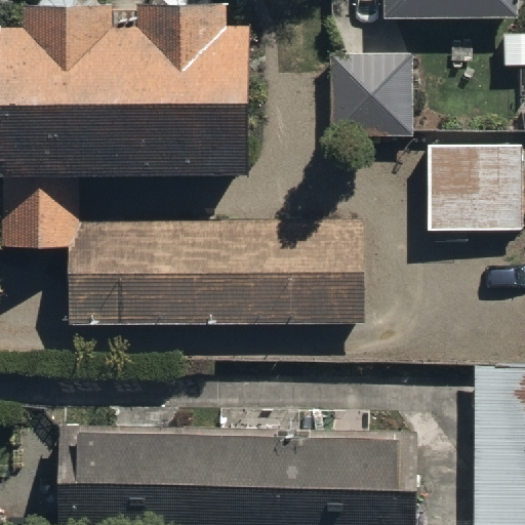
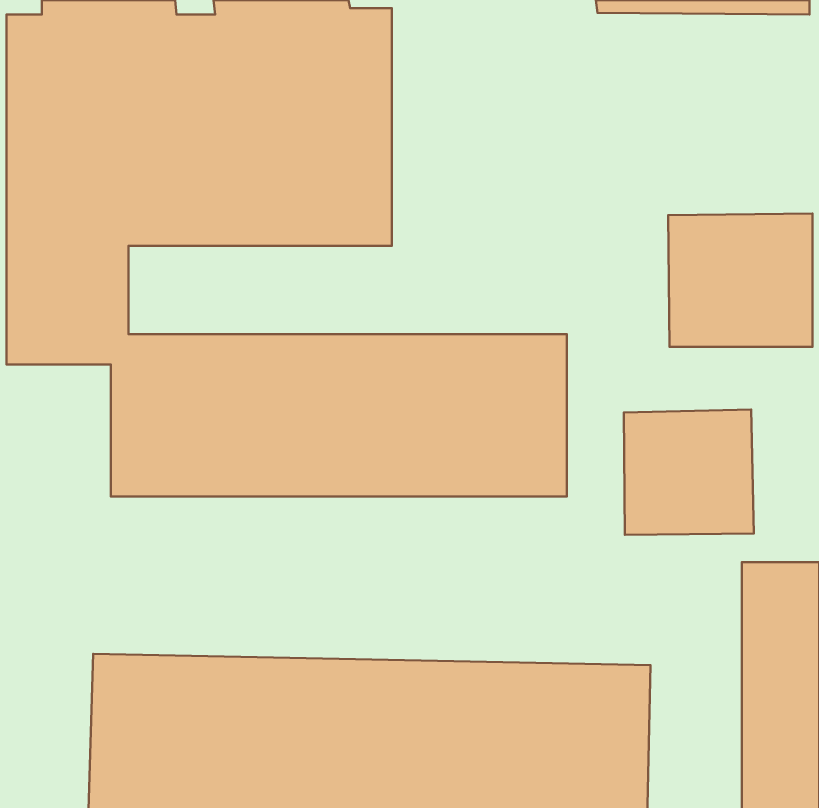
building: [329,56,412,139] -> none
building: none -> [624,410,754,535]

